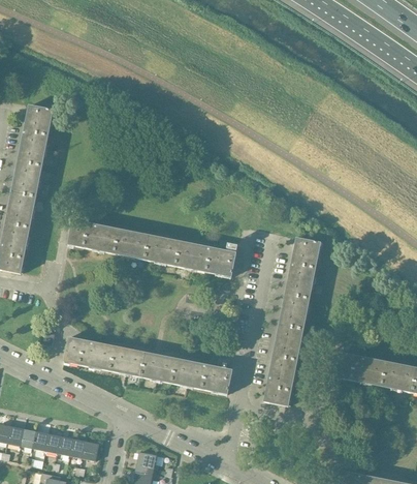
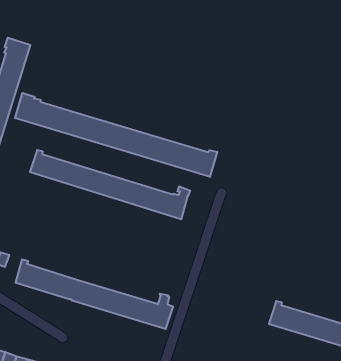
building: none -> [15,93,217,177]
building: [262,237,319,405] -> none

